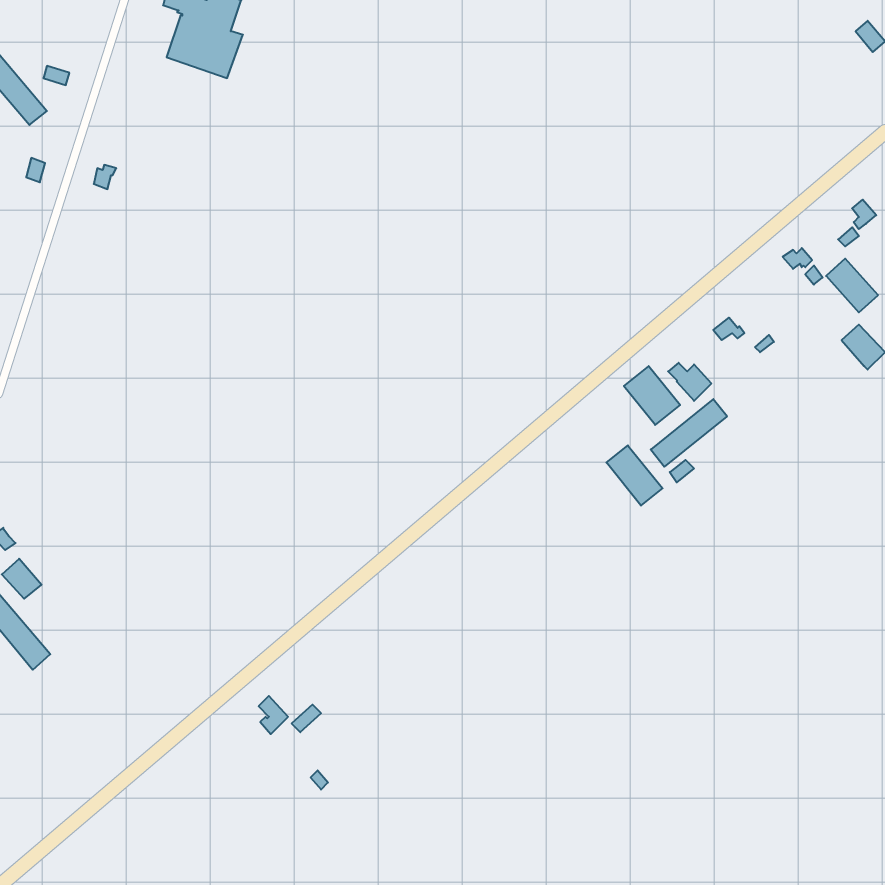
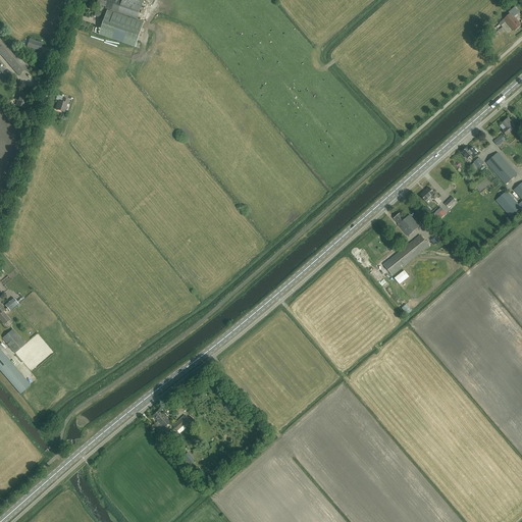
building: [624,366,680,425] -> none
building: [606,445,663,506] -> none

